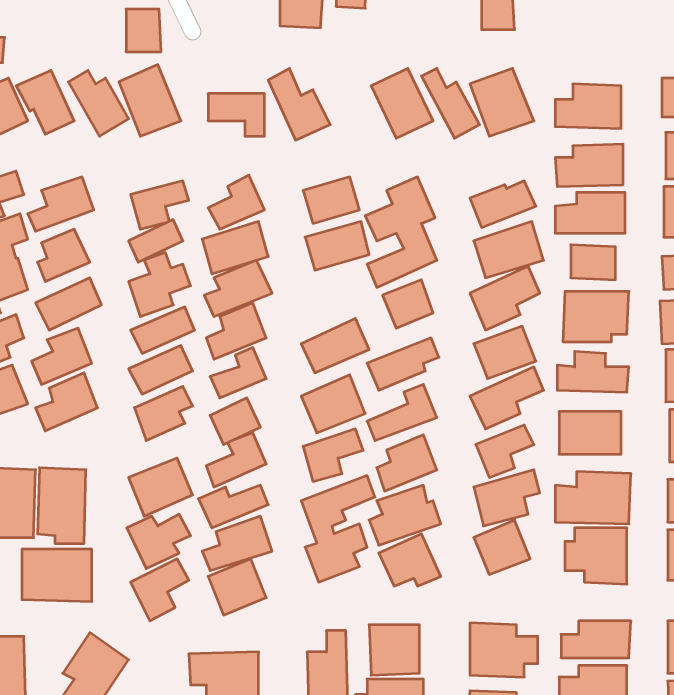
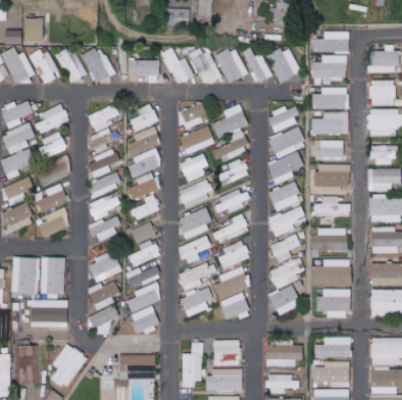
building: [126,9,161,52] -> [24,18,43,41]
building: none -> [313,32,348,52]
building: none -> [188,46,218,86]
building: none -> [180,155,207,182]

